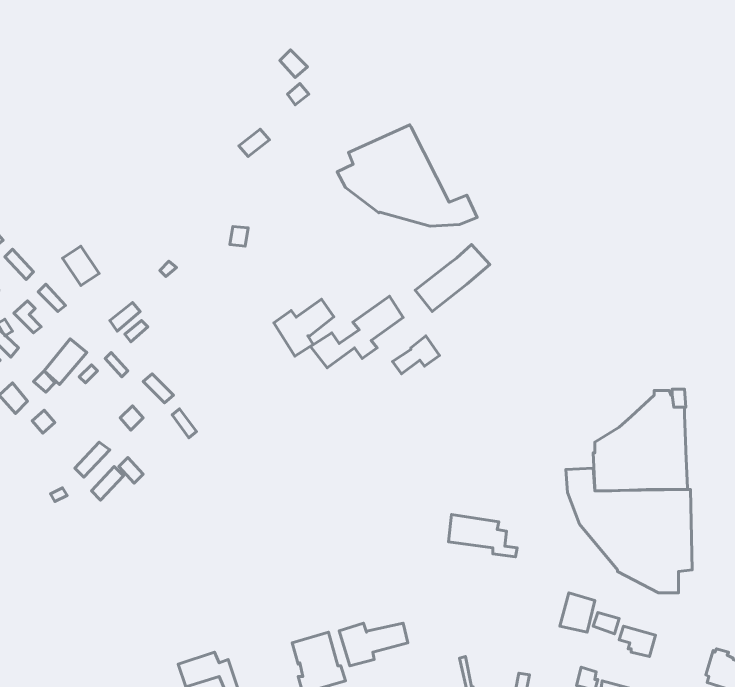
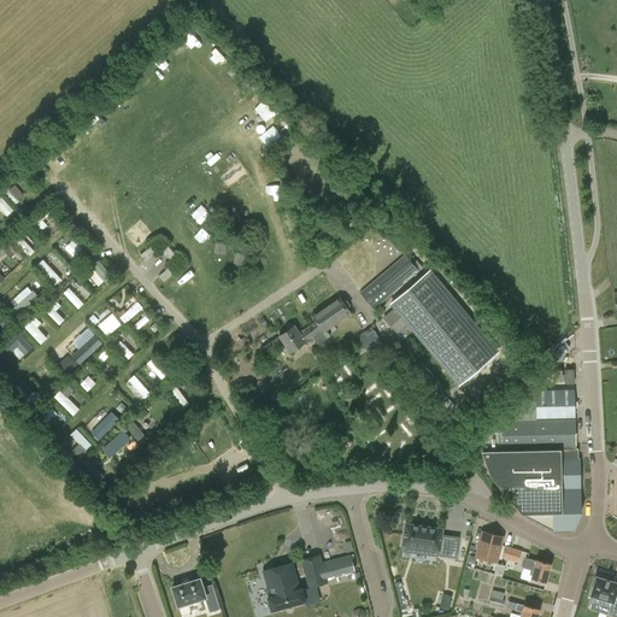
building: [337,125,477,226] -> none
building: none -> [382,271,499,387]
building: [274,299,334,356] -> none
building: [449,514,517,557] -> [402,523,457,557]

